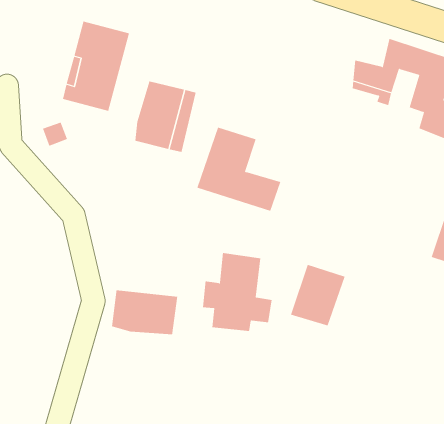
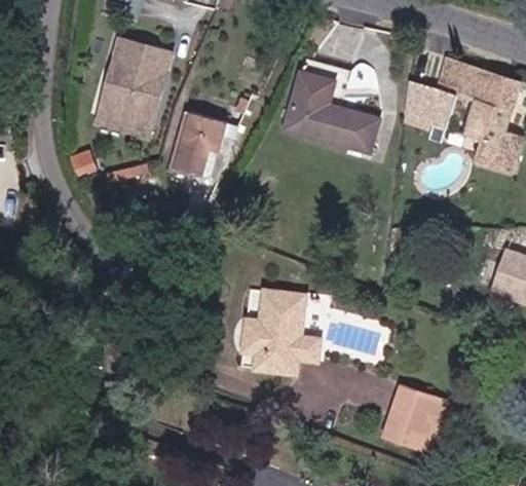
building: [196,127,281,212] -> [288,52,379,144]
building: [290,264,345,326] -> [382,384,442,451]
building: [112,289,178,335] -> none

